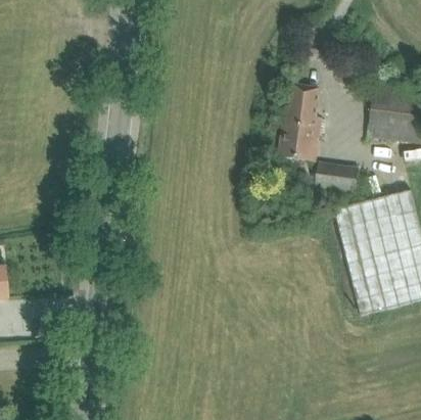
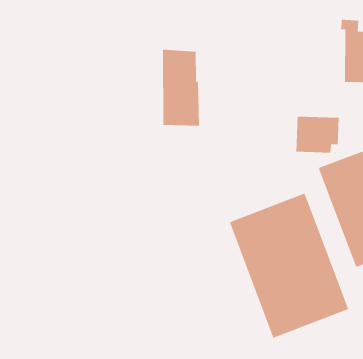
building: [279,82,320,160] -> [162,49,200,127]
building: none -> [229,193,349,339]

